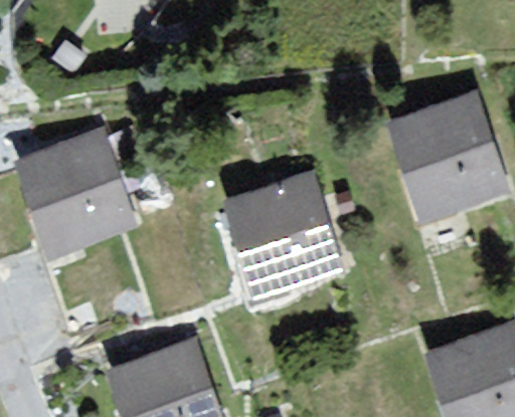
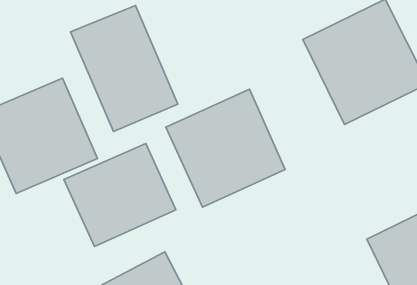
building: none -> [71,6,178,132]
building: none -> [64,143,176,247]

